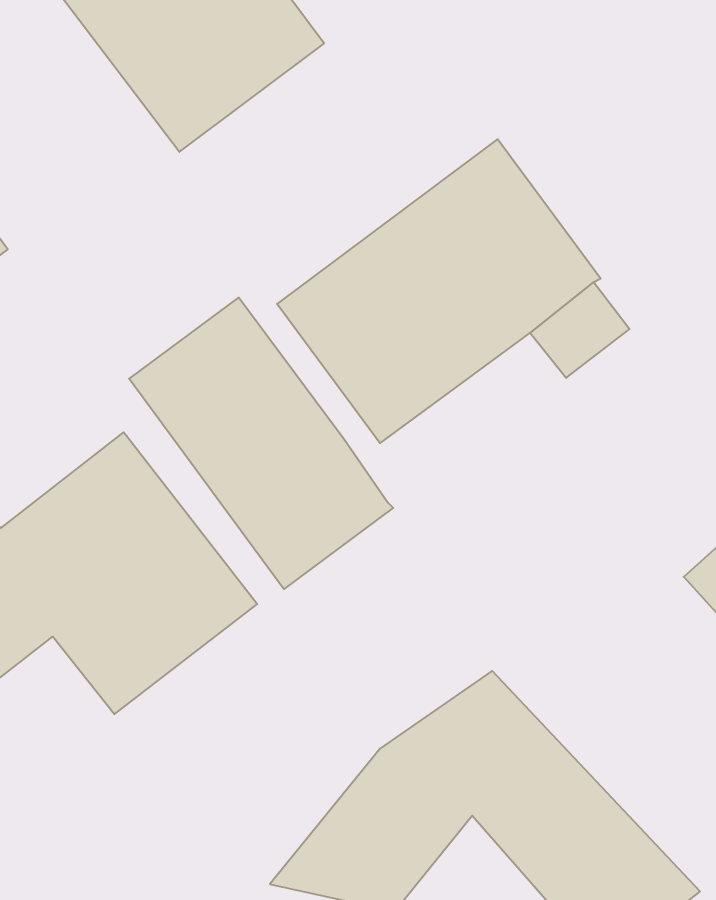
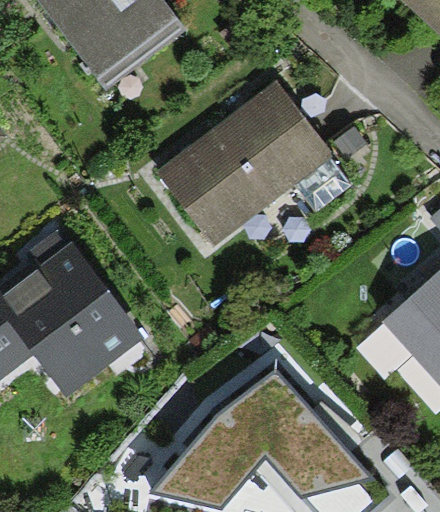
building: [129,298,393,589] -> none

